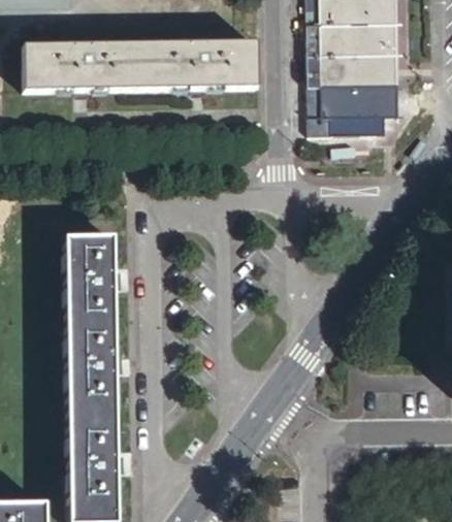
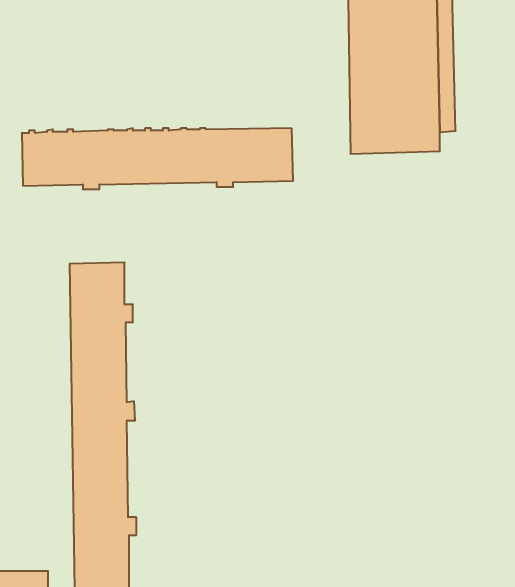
building: [20,40,254,93] -> [22,128,293,189]

